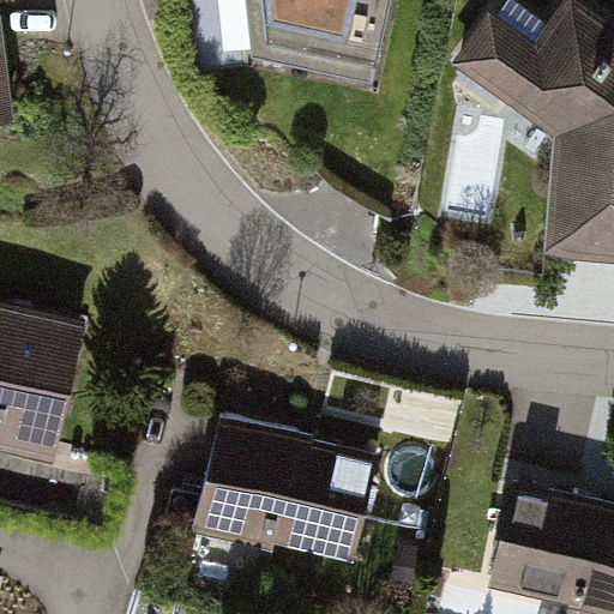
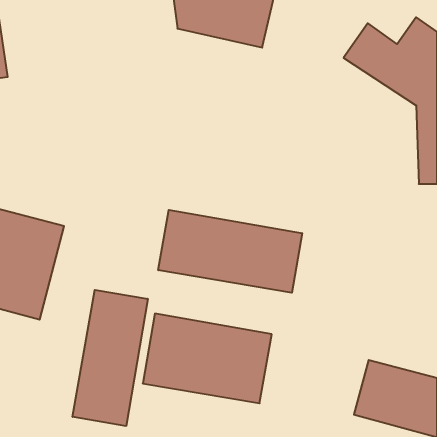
building: none -> [158,210,302,293]
building: none -> [73,290,148,426]

